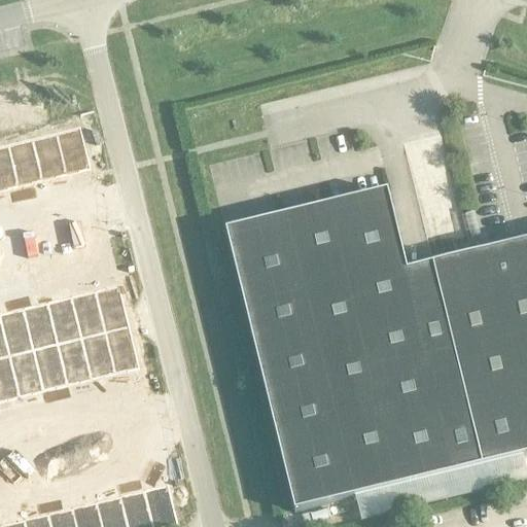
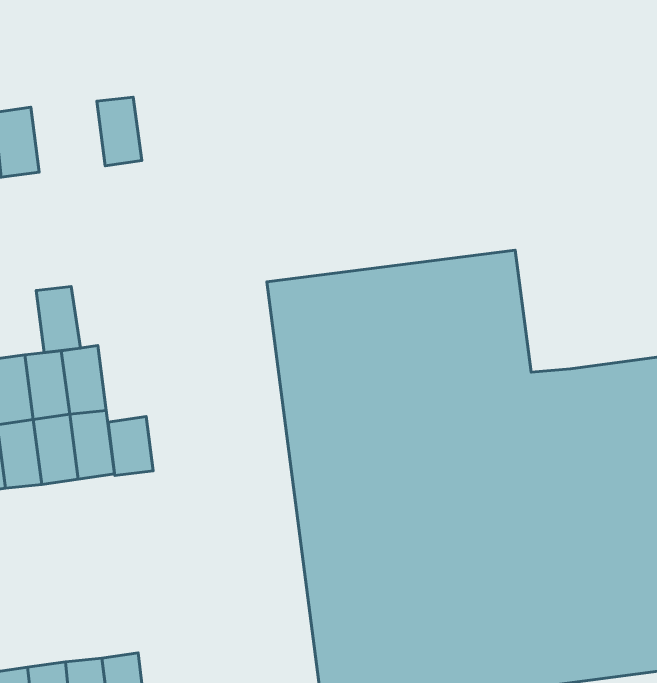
building: [57,127,91,174] -> [97,97,142,166]
building: none -> [36,287,80,353]
building: none -> [108,417,153,475]

